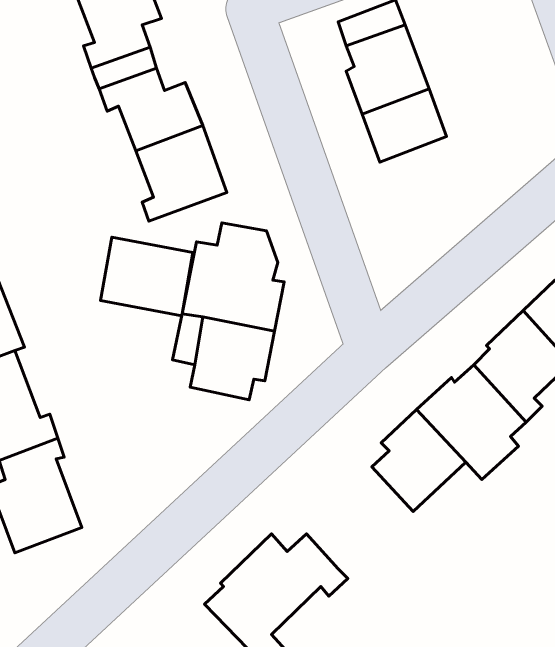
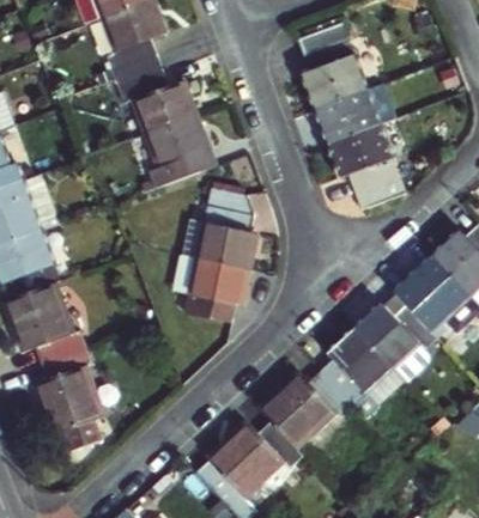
building: none -> [328,123,405,209]
building: [100,237,193,316] -> none
building: none -> [261,371,353,447]

